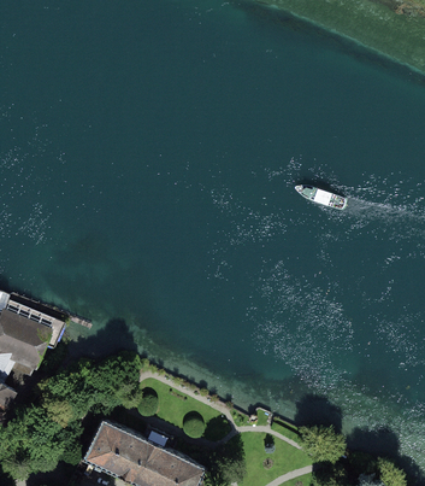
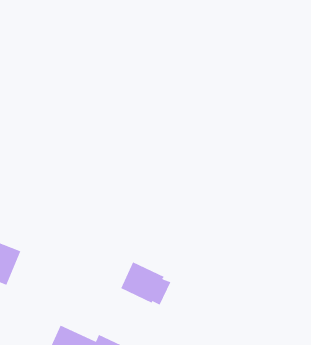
building: none -> [120,261,171,305]

